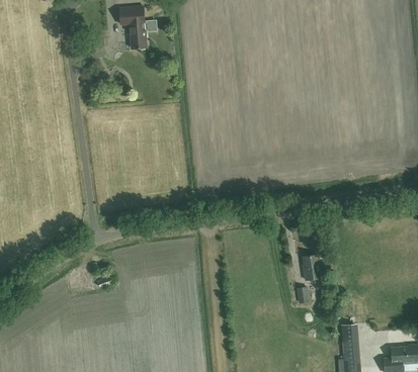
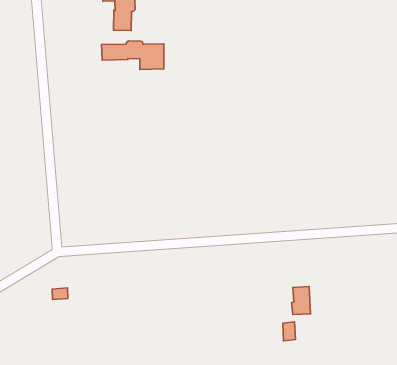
building: none -> [102,41,164,69]

